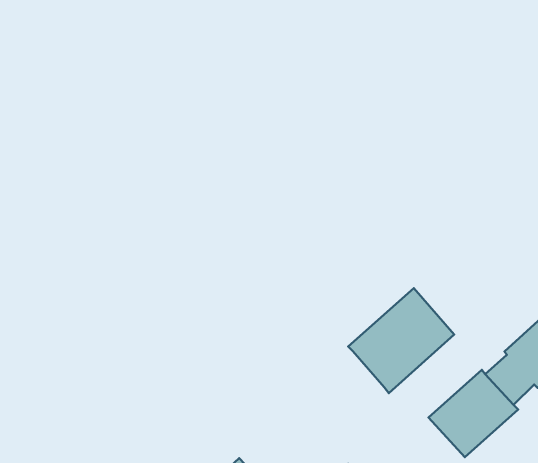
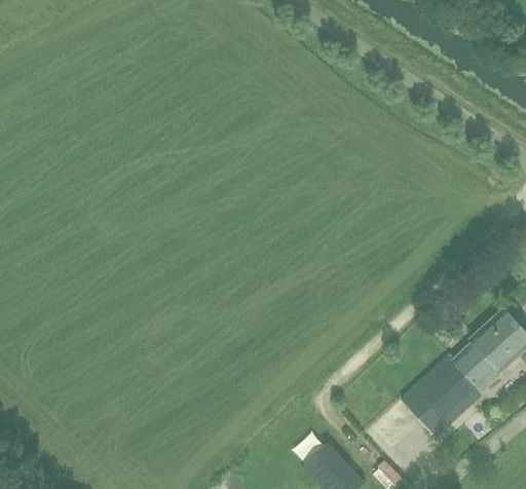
building: [348,288,454,393] -> none

